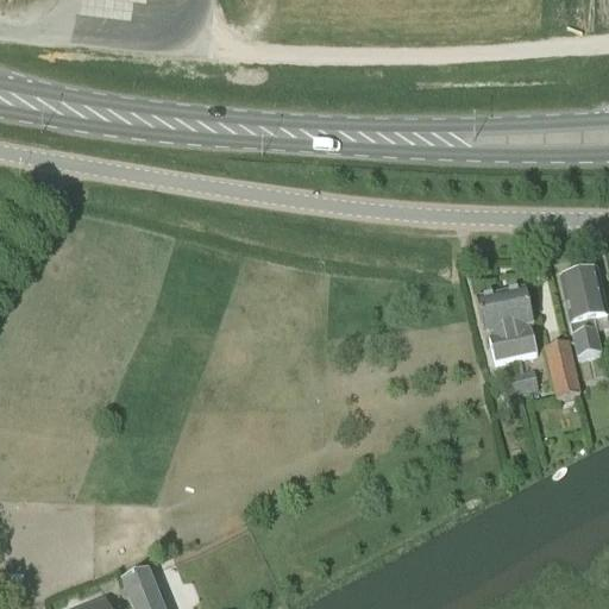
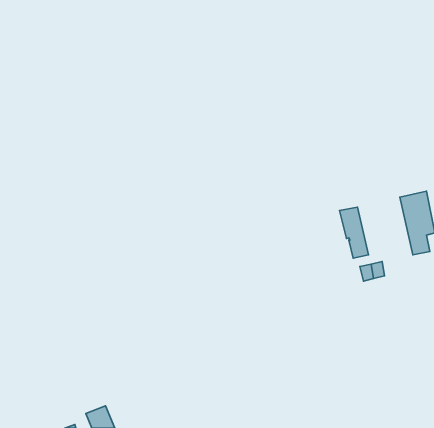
building: [501,284,536,357] -> none
building: [545,339,580,397] -> none

